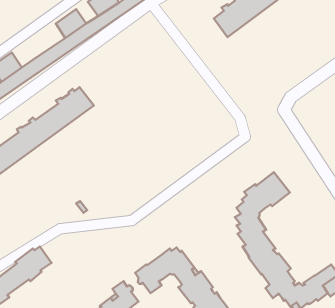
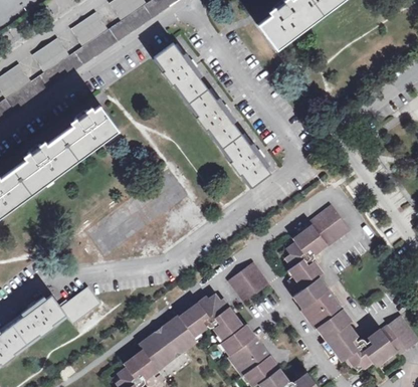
building: none -> [32,38,69,72]
building: none -> [99,40,270,186]
building: none -> [227,261,268,302]
building: none -> [61,286,100,323]
building: none -> [152,326,184,360]

